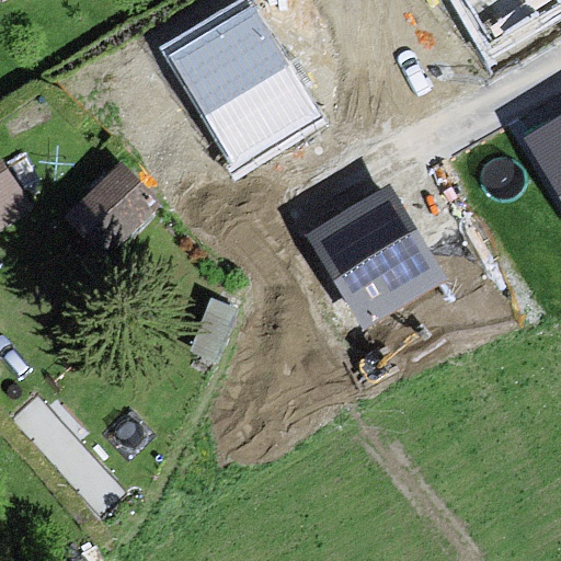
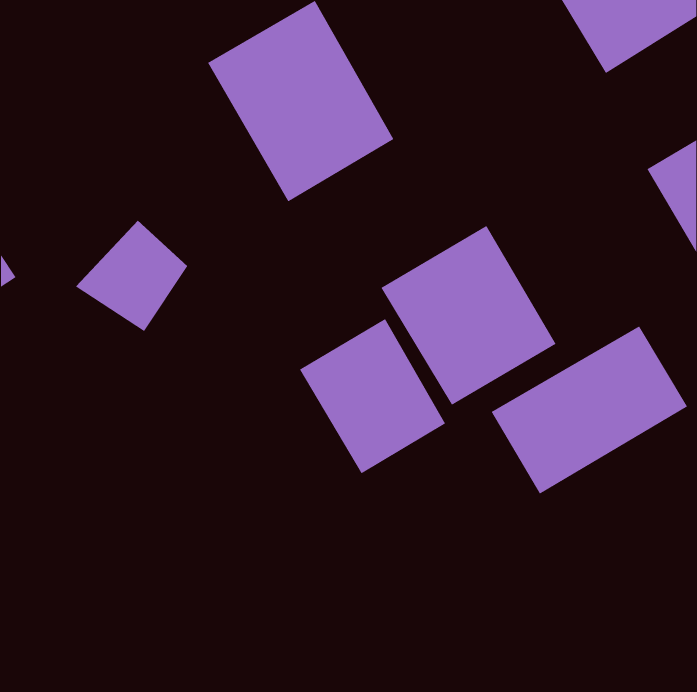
building: none -> [299,318,446,474]
building: none -> [491,325,688,495]

